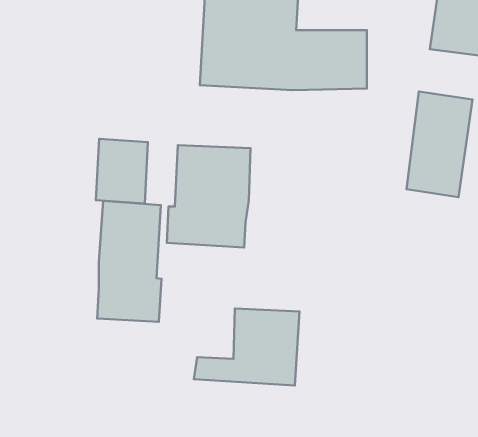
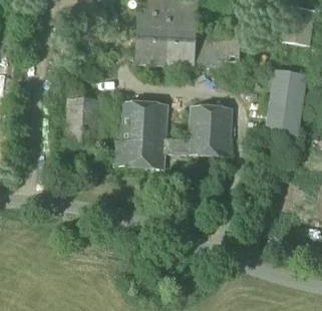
building: [97,201,162,322] -> none
building: [194,308,300,386] -> [164,105,231,154]

